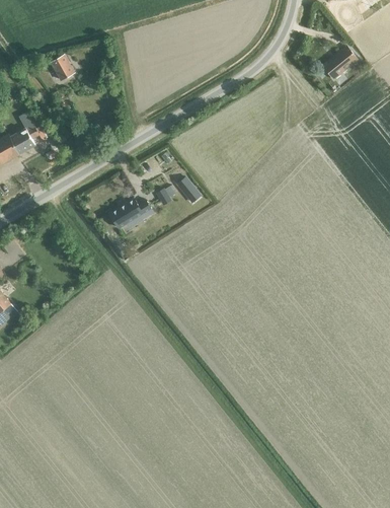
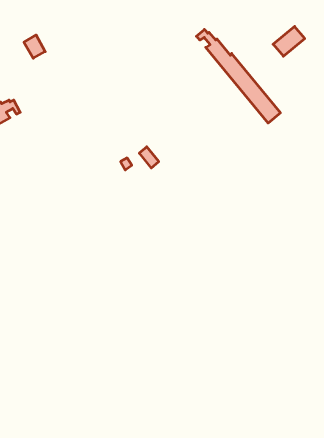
building: none -> [196,29,280,123]
building: [109,200,154,229] -> none

